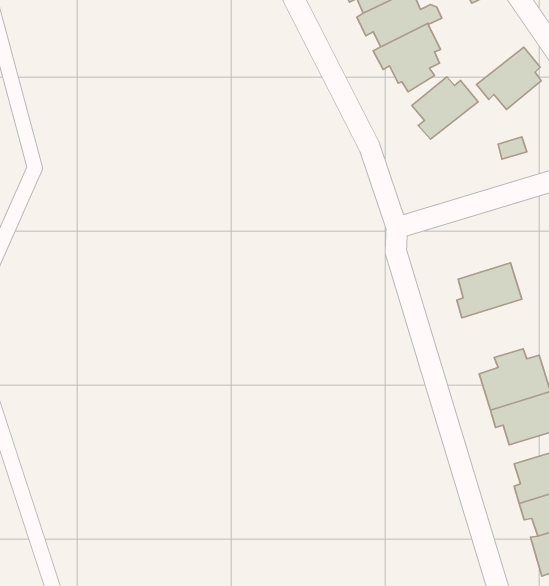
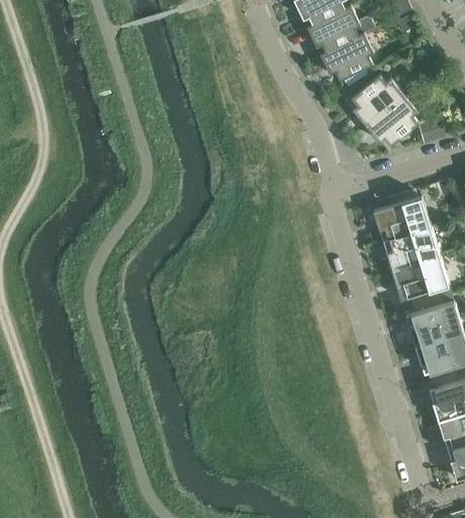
building: [476,47,541,110] -> [365,94,417,145]
building: none -> [372,195,430,238]
building: none -> [390,254,448,301]

